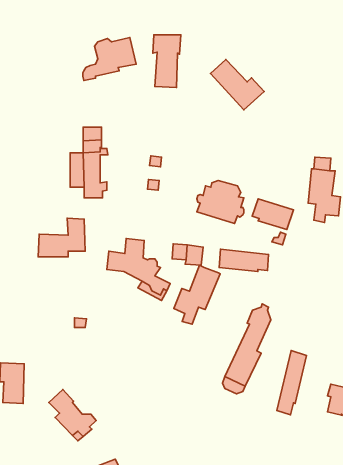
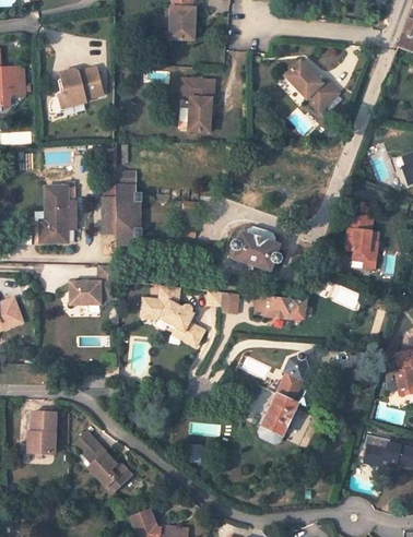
building: [83,38,136,80] -> [48,70,103,114]
building: [211,59,264,110] -> [284,59,339,110]
building: none -> [38,186,67,241]
building: [252,199,294,230] -> none
building: [174,265,220,324] -> none
building: [277,351,307,415] -> none

